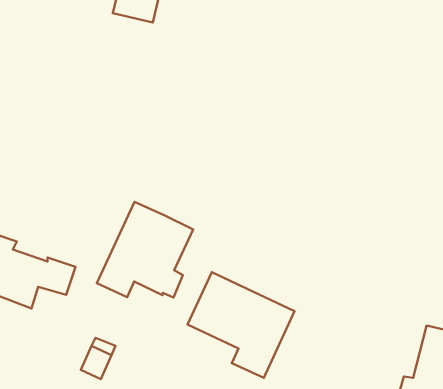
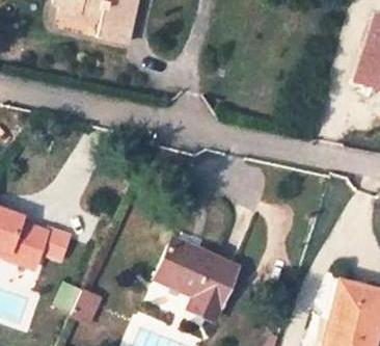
building: [97,202,193,298] -> none

